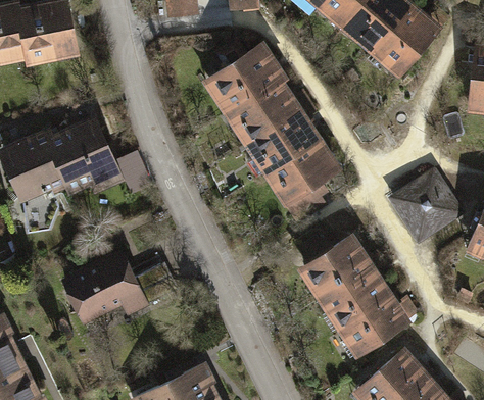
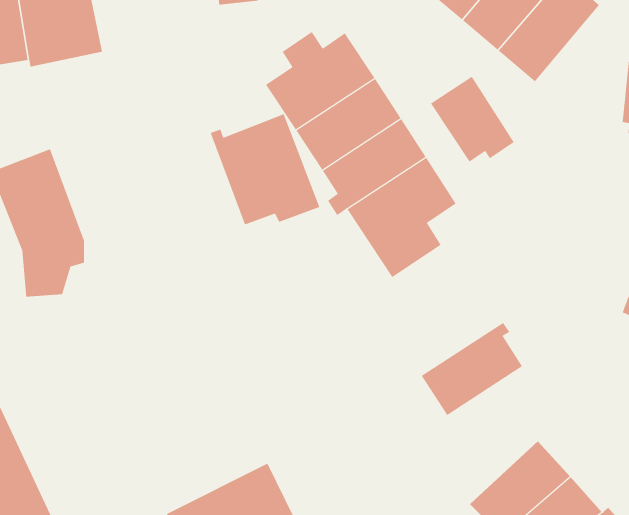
building: none -> [430,76,515,163]
building: [42,113,124,196] -> [210,114,320,225]
building: [386,167,464,245] -> none
building: [297,230,378,296] -> none
building: [61,248,177,324] -> none
building: [336,289,417,355] -> none

